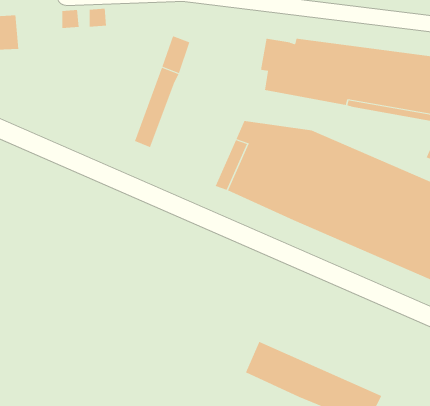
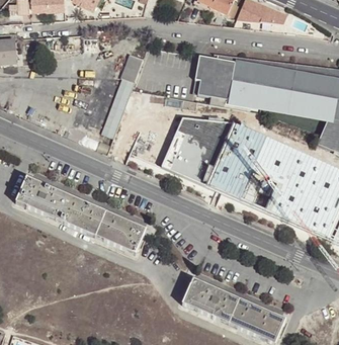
building: none -> [16,180,145,255]

